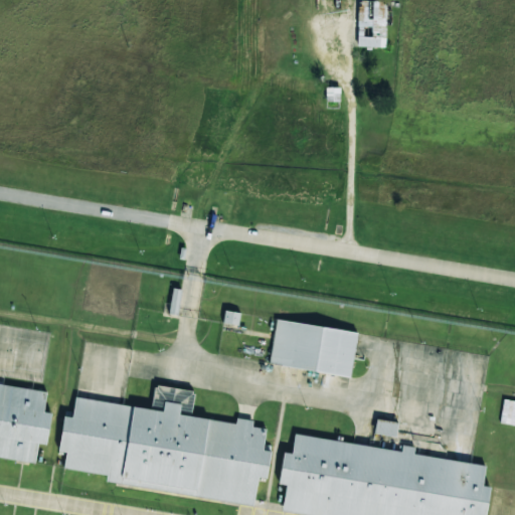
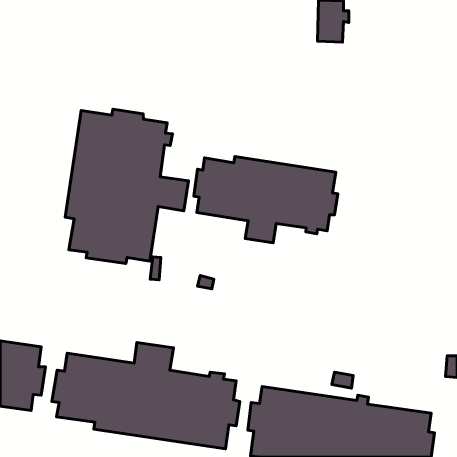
building: none -> [65,109,189,263]
building: none -> [194,157,338,243]
building: [270,320,357,377] -> none

